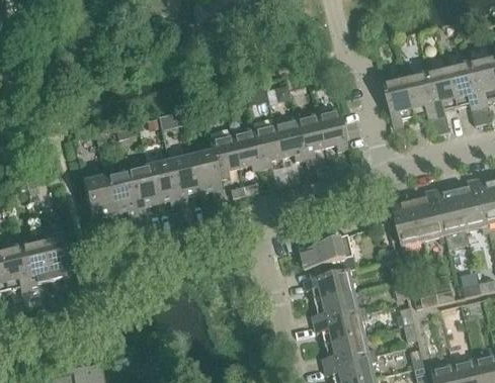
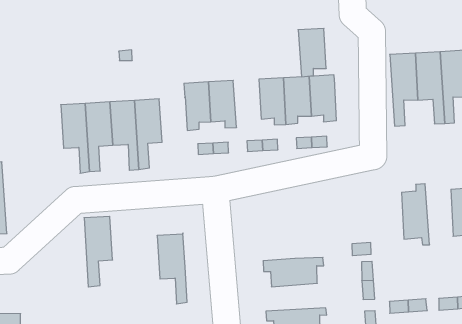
building: [251,122,281,168] -> [298,28,326,77]
building: [189,149,226,211] -> [157,233,187,304]
building: [82,175,113,240] -> [84,216,113,287]
building: [434,186,467,241] -> none
building: [391,196,424,245] -> none
building: [301,233,357,273] -> none
building: [313,291,366,323] -> none

